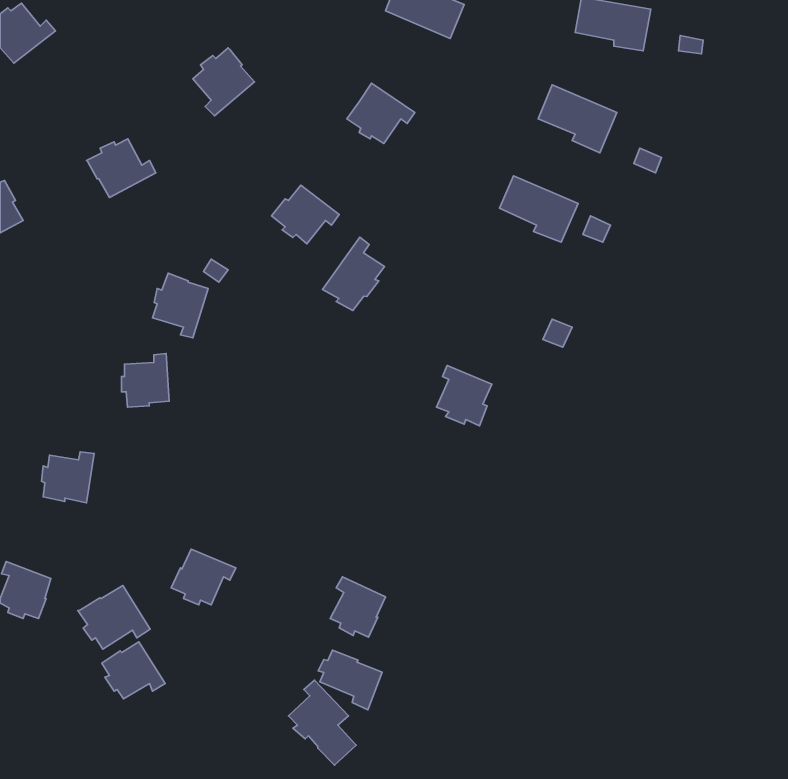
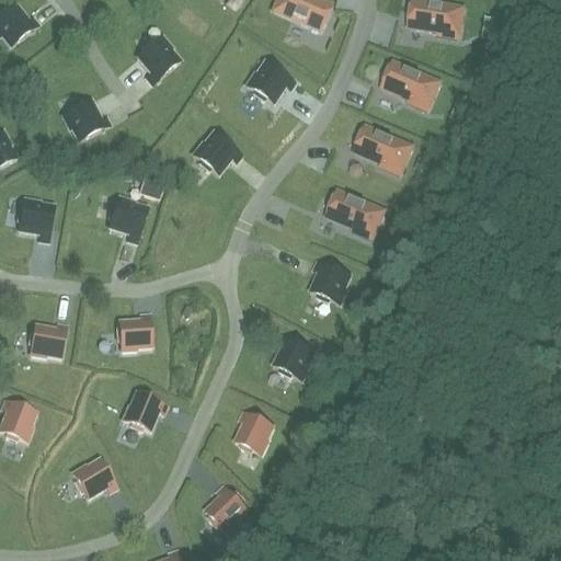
building: [322,237,385,310] -> none
building: none -> [327,190,383,237]
building: none -> [16,196,55,240]
building: [121,353,169,407] -> [117,311,151,350]
building: none -> [273,334,313,378]
building: [78,586,150,649] -> none
building: [318,650,382,710] -> none

